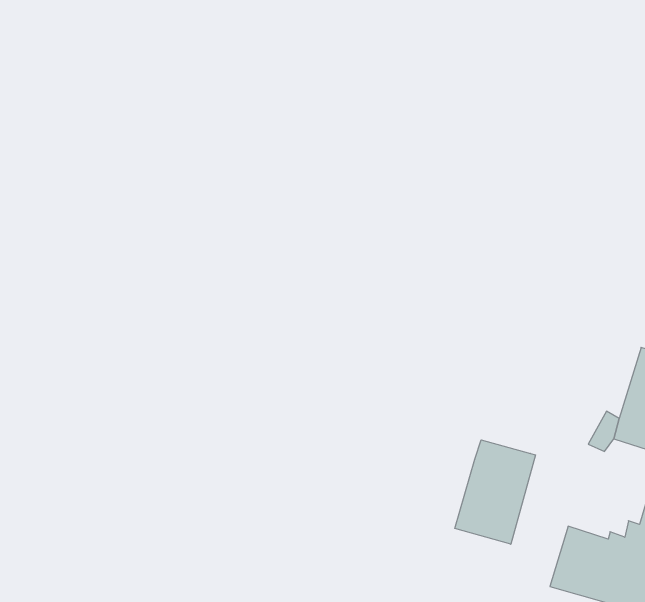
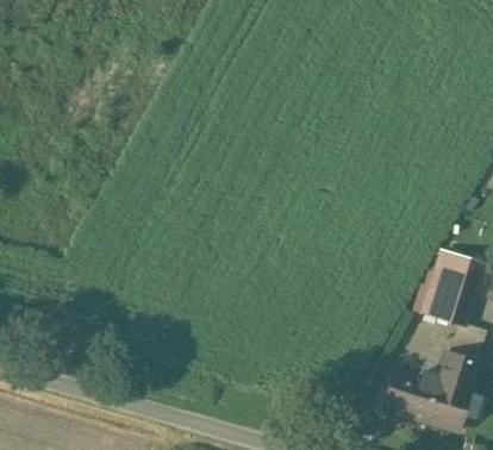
building: [455,440,536,544] -> none

